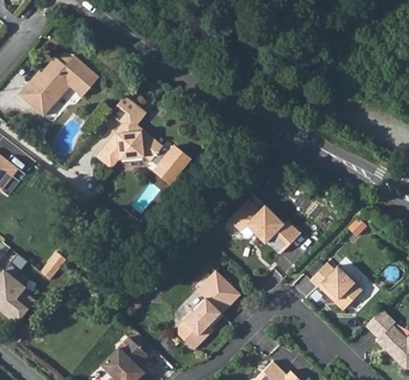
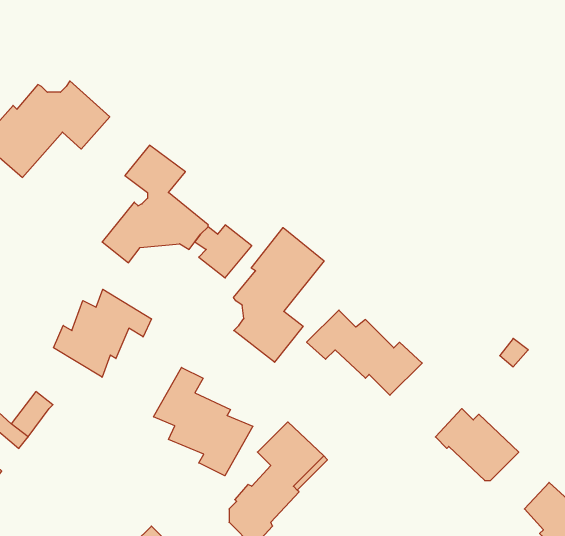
building: none -> [234,228,324,362]
building: none -> [53,289,151,377]
building: none -> [154,367,253,476]

